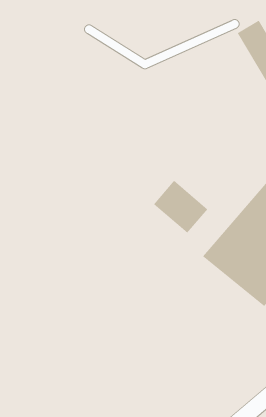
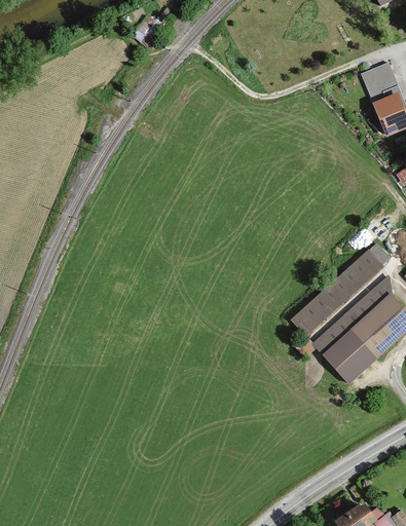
building: [153,180,208,234] -> none

